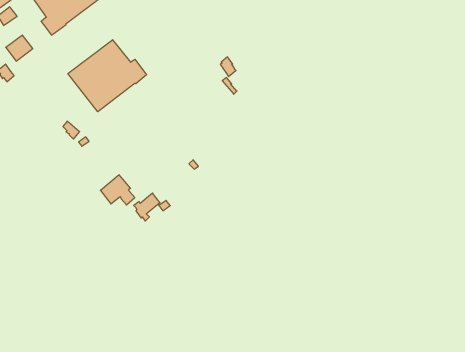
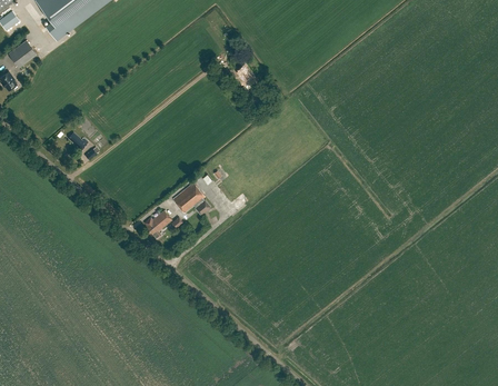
building: [68,40,147,112] -> none
building: [100,175,135,205] -> [172,182,209,215]

